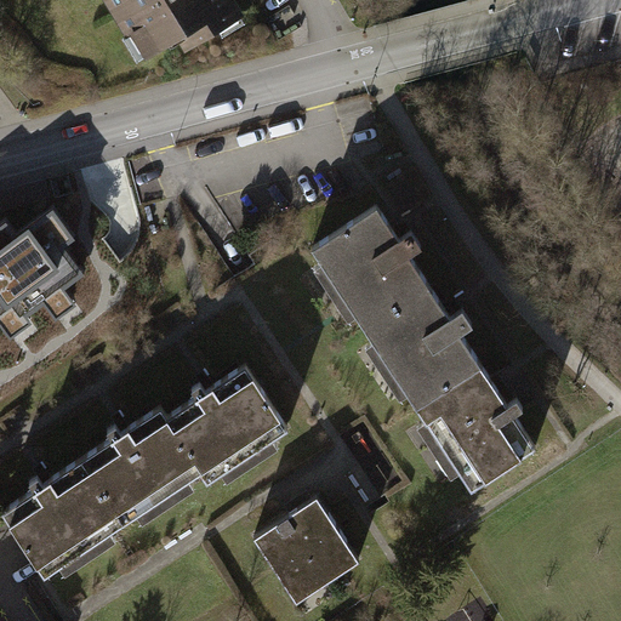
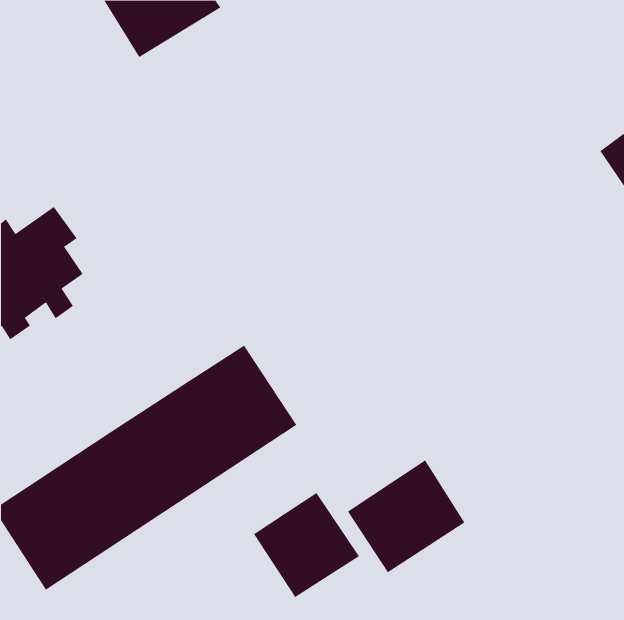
building: [310,216,518,488] -> none
building: none -> [347,460,465,573]

